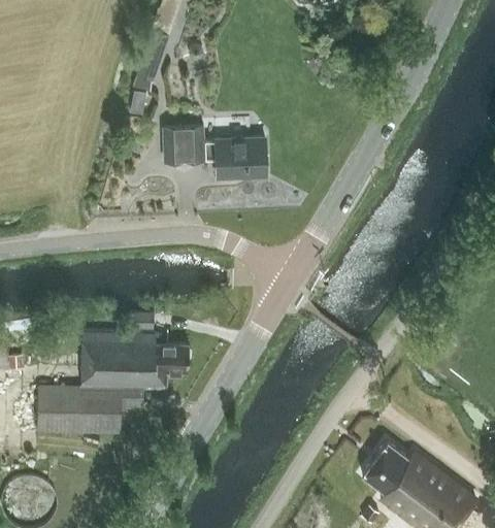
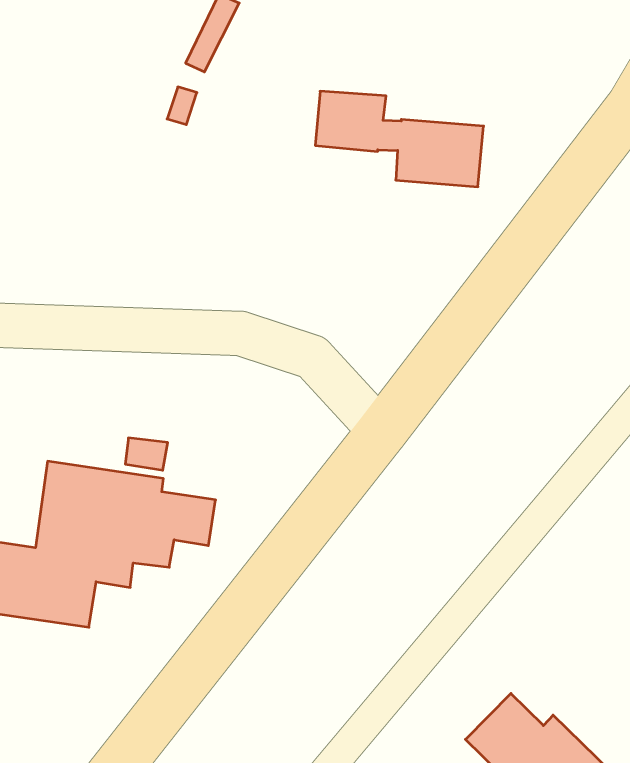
building: [162,127,267,178] -> [315,91,484,187]

